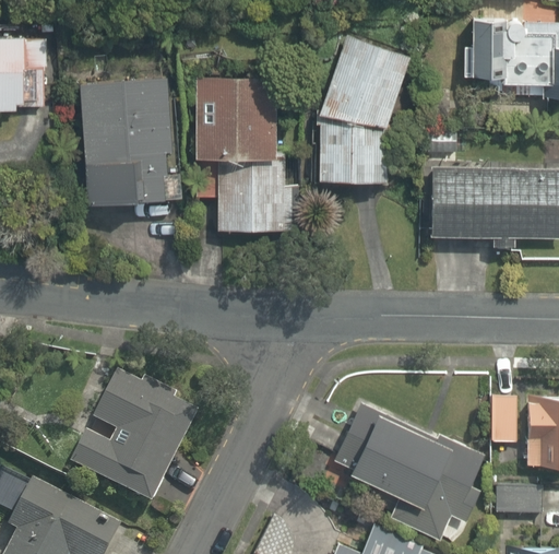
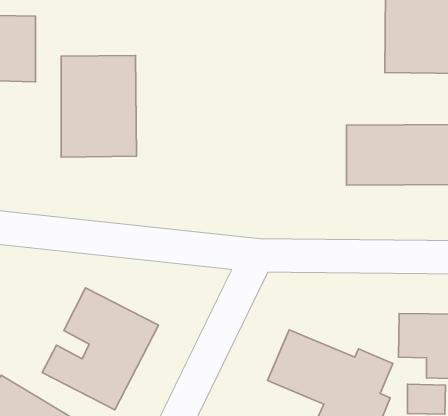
building: [310,34,415,182] -> none
building: [194,79,301,232] -> none

